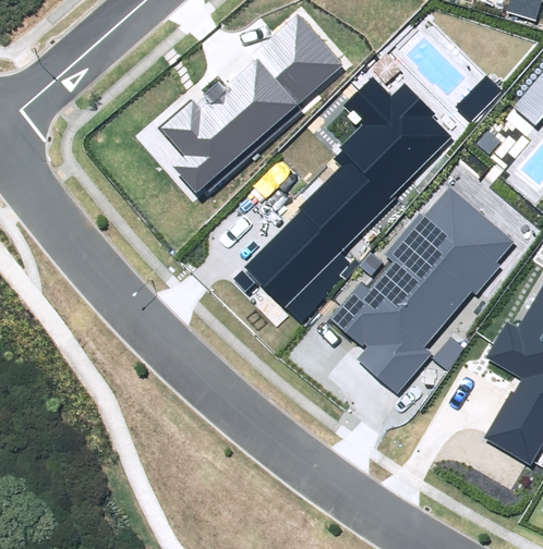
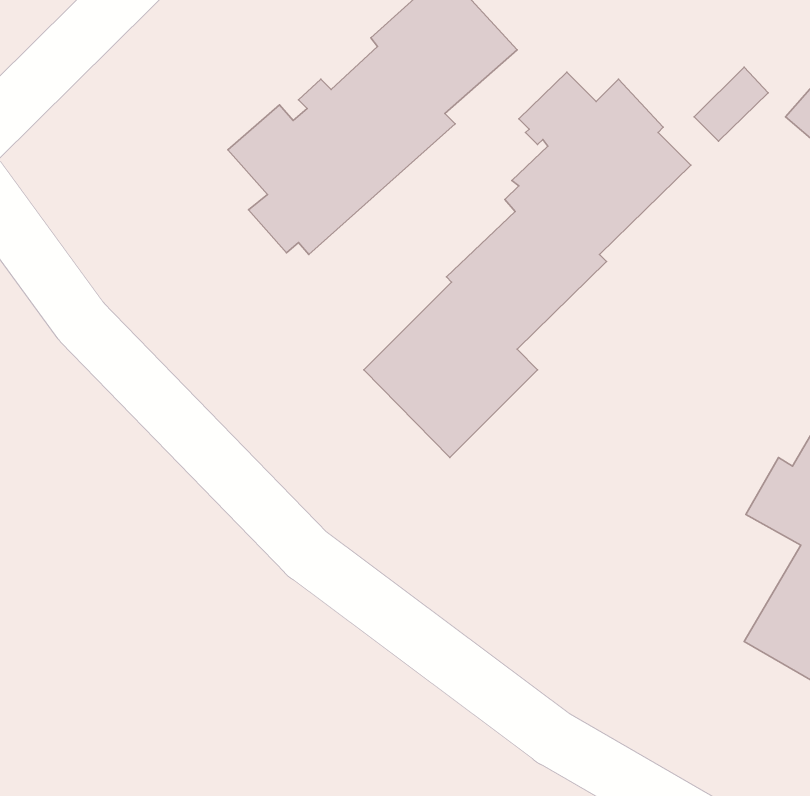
building: [329,187,515,393] -> none

